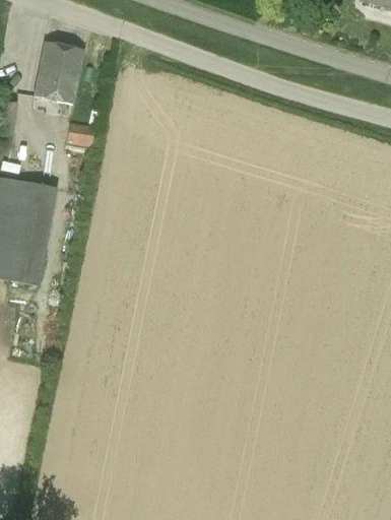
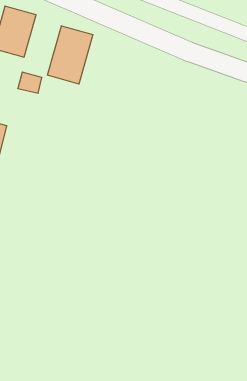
building: none -> [48,26,93,84]

